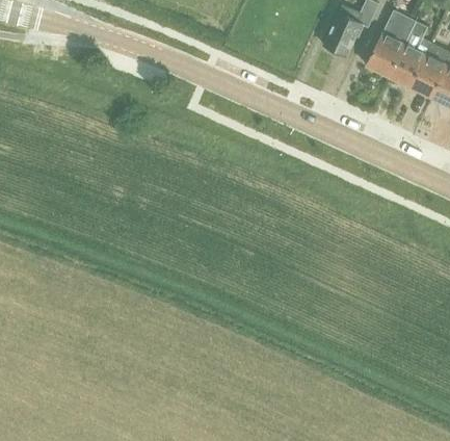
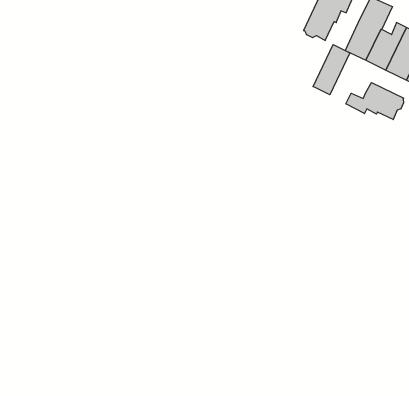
building: none -> [313,45,350,95]
building: none -> [346,83,404,120]

